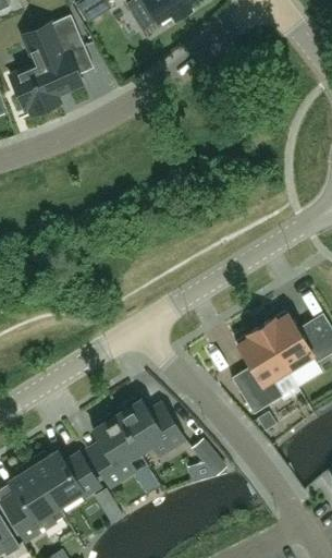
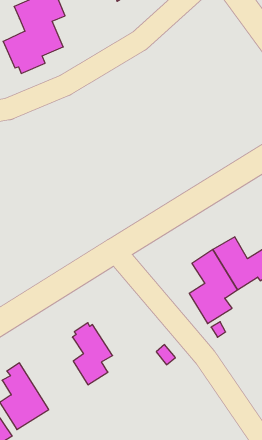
building: [118,398,185,454] -> none
building: [30,450,100,515] -> none

